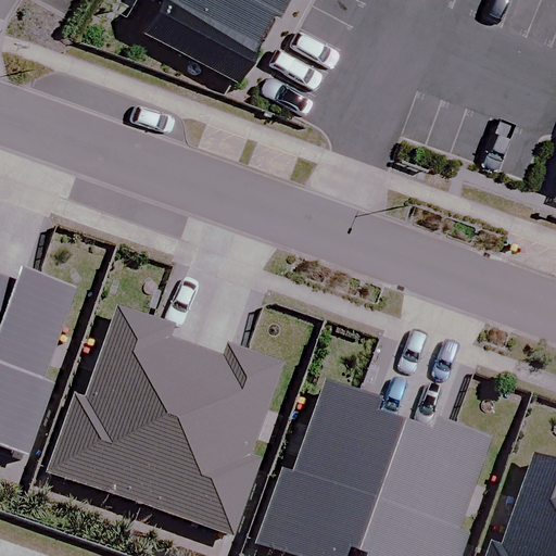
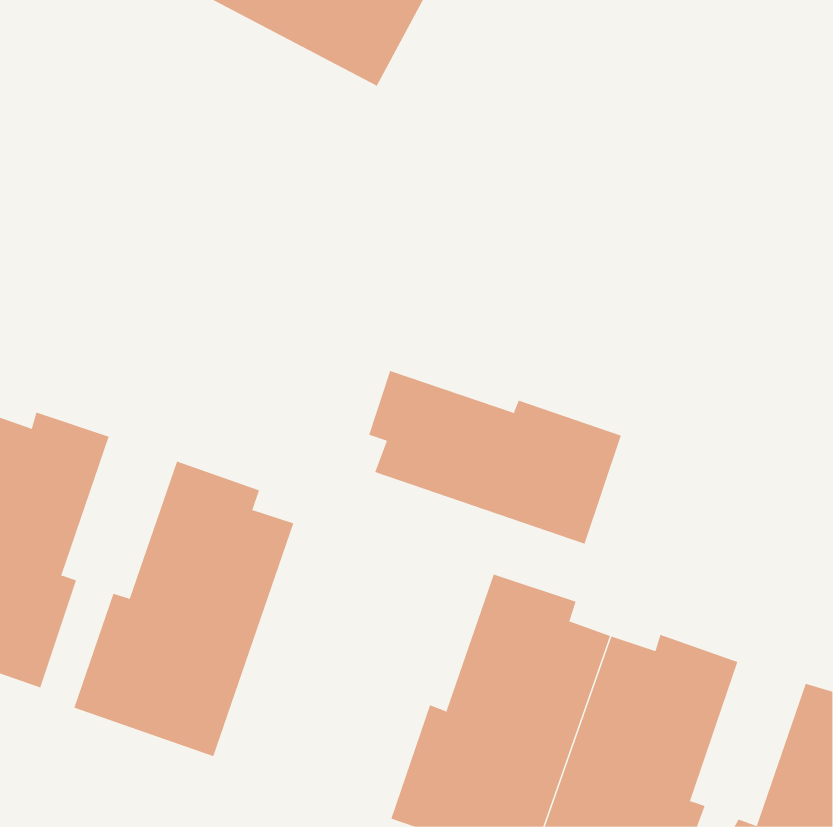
building: none -> [368,370,621,545]
building: [142,348,281,533] -> none

